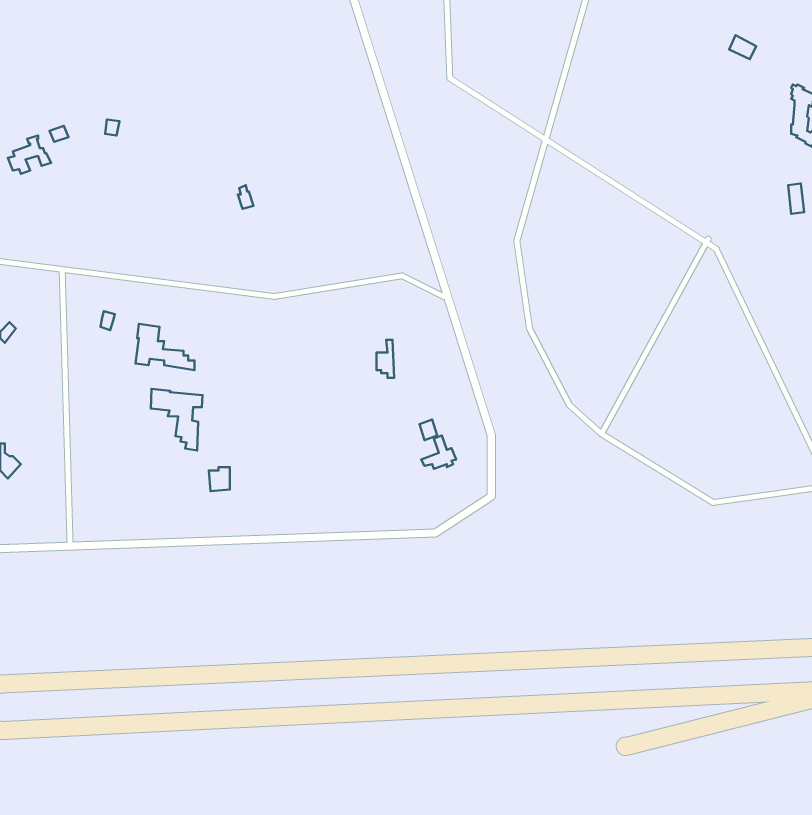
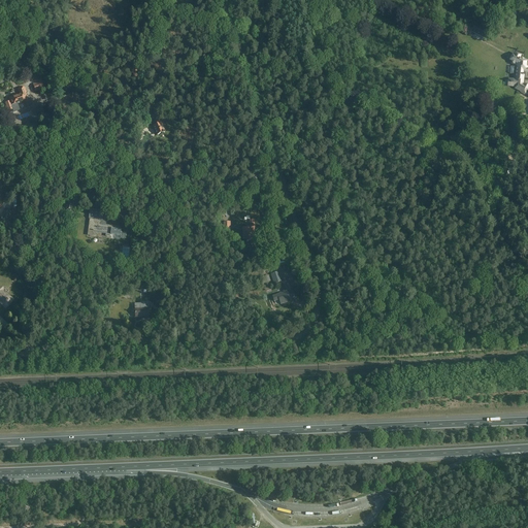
building: [151,389,203,451] -> none

